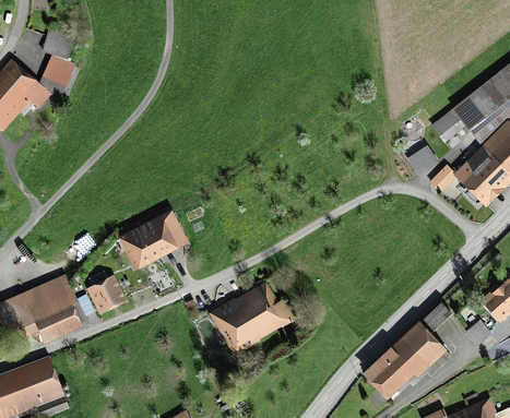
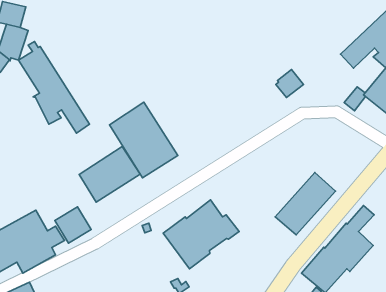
building: none -> [19,42,90,133]
building: [406,145,438,177] -> [276,70,304,98]
building: none -> [109,102,178,178]
building: none -> [275,173,336,235]

